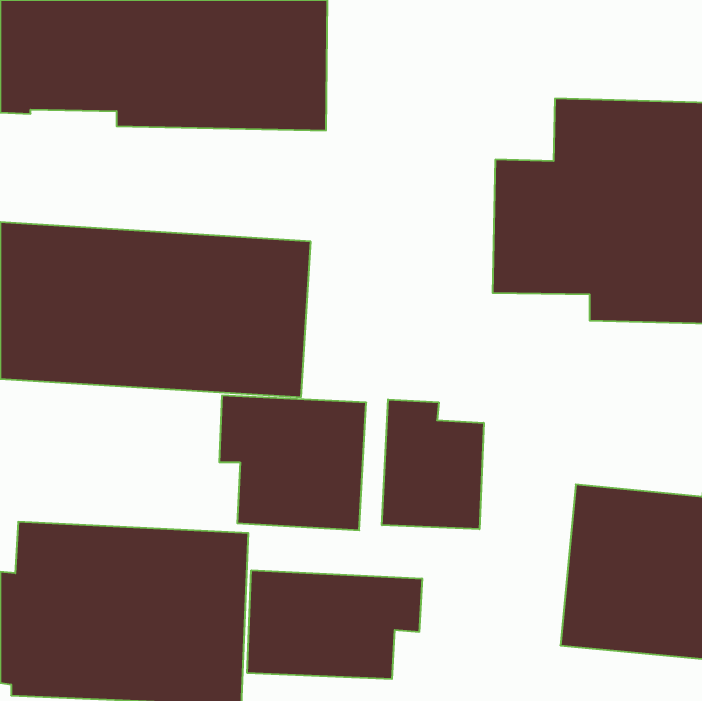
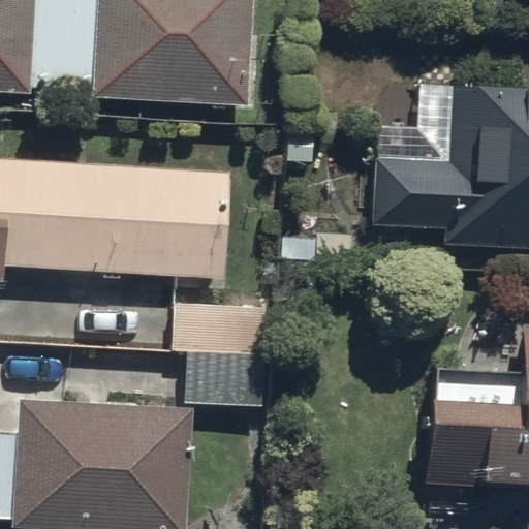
building: [382,399,484,529] -> none
building: [247,570,422,679] -> none

